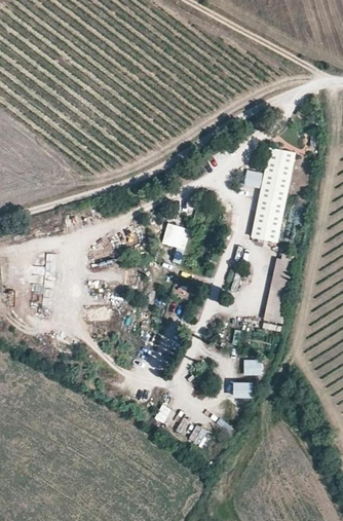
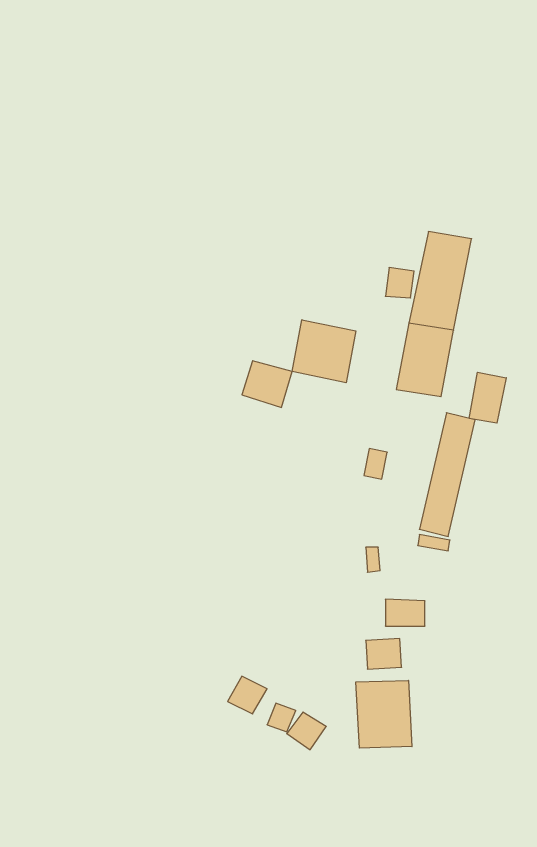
building: none -> [292,320,356,383]
building: none -> [469,372,506,423]
building: none -> [356,680,412,748]

